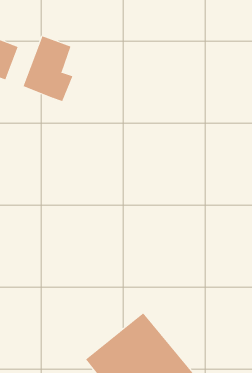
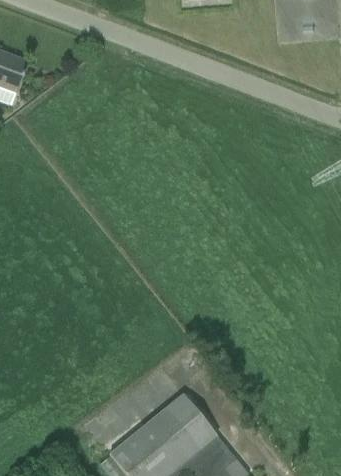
building: [23,36,73,102] -> none

